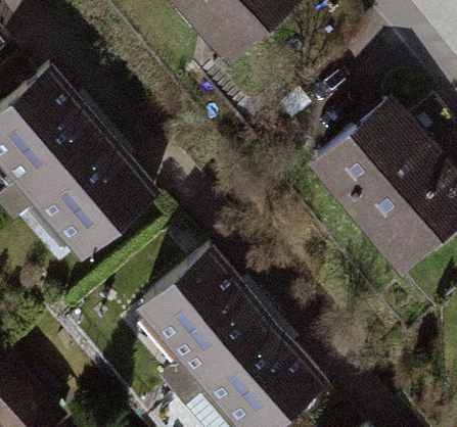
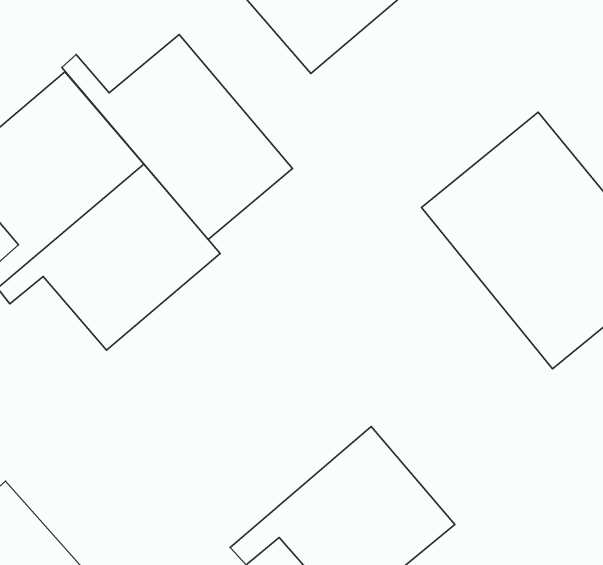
building: none -> [62,35,292,239]
building: [137,249,271,402] -> none

